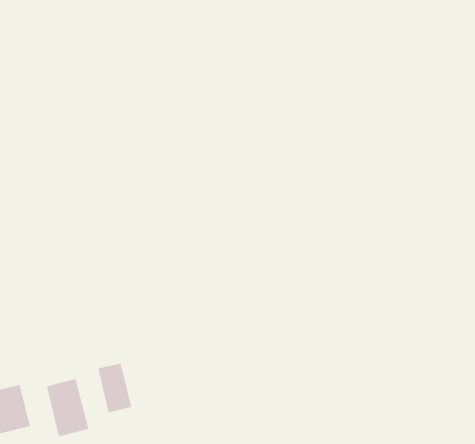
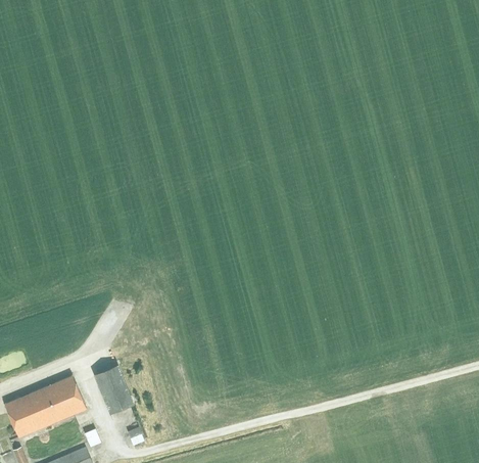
building: [98,363,132,413] -> none

